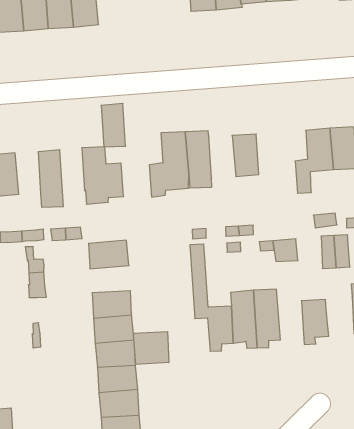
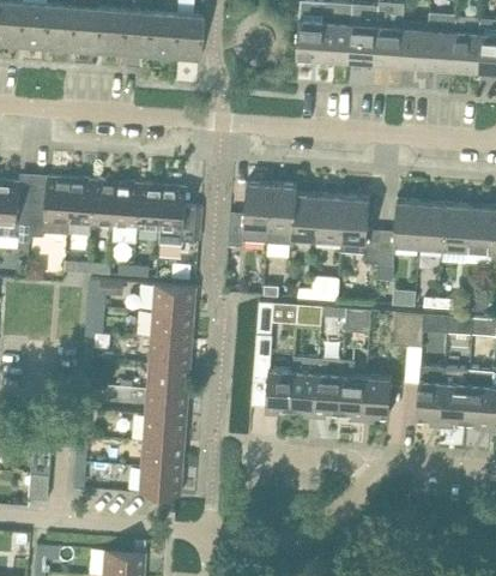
building: [101,103,126,147] -> [137,186,163,232]
building: none -> [340,199,381,266]
building: none -> [292,194,320,240]
building: none -> [91,182,117,228]
building: none -> [152,313,194,342]
building: none -> [339,362,367,424]
building: [134,332,169,364] -> none

